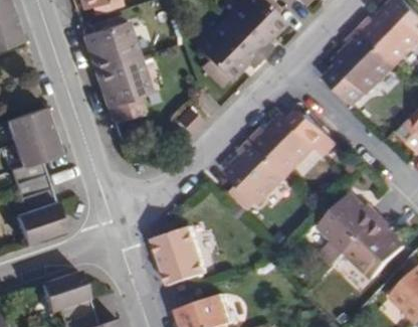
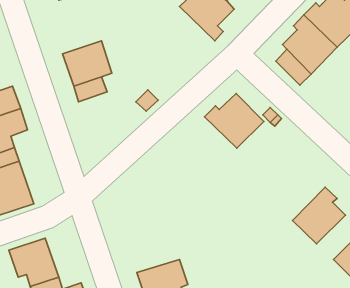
building: [195,19,261,79] -> none
building: [83,20,139,70] -> none
building: [227,139,285,206] -> none
building: [319,193,381,264] -> none
building: [153,224,207,284] -> none

